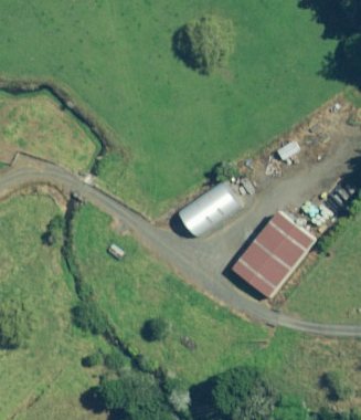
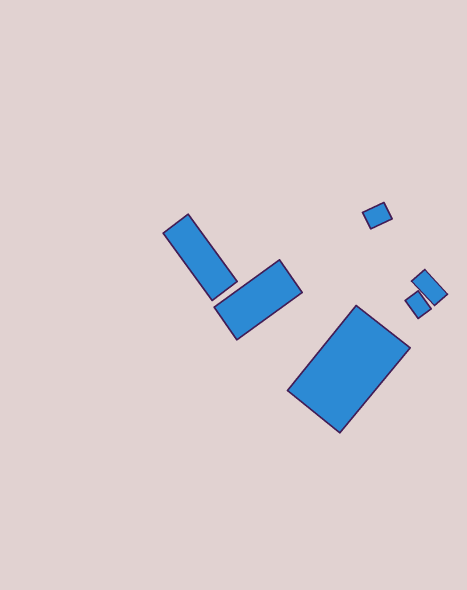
building: none -> [163,214,237,300]

